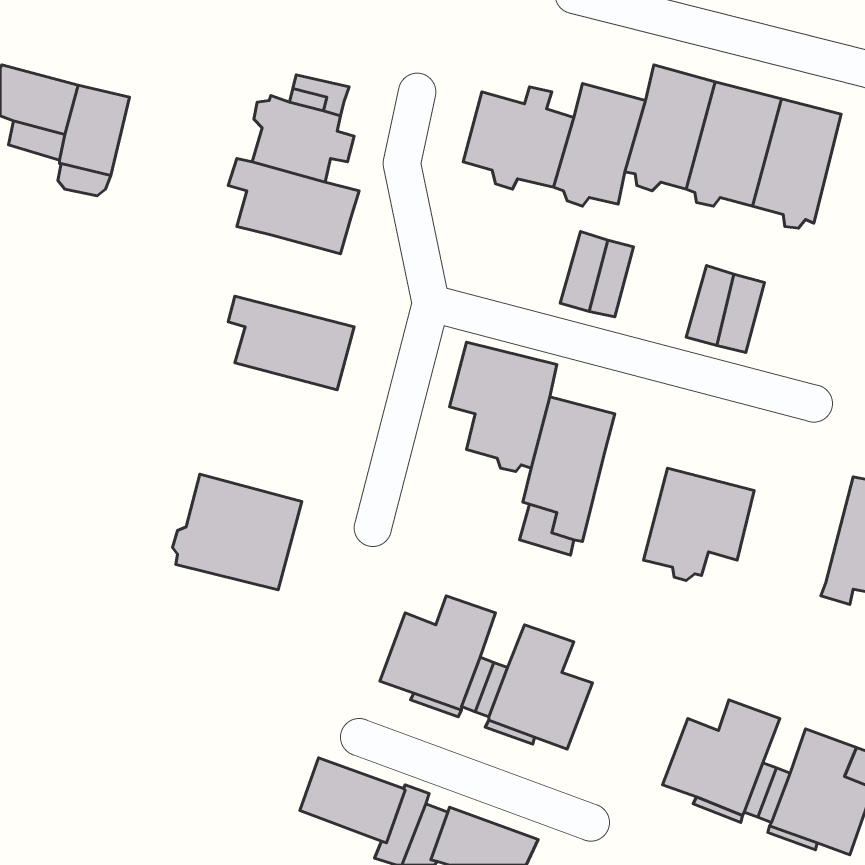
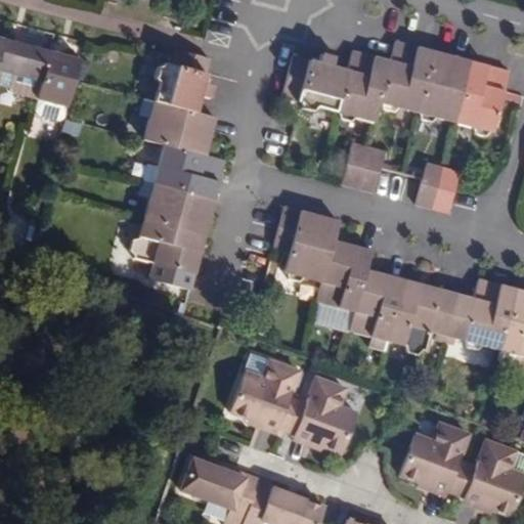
building: none -> [144,141,226,196]
building: none -> [347,272,404,364]
building: none -> [446,277,516,350]
building: [173,474,302,590] -> [128,218,206,288]

